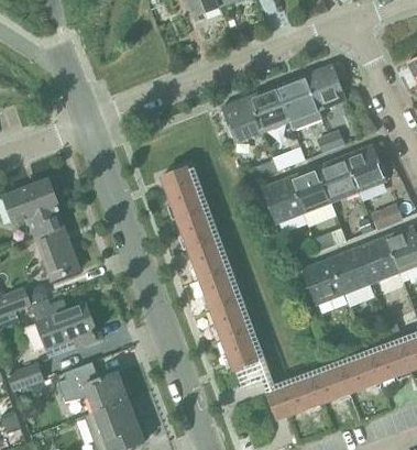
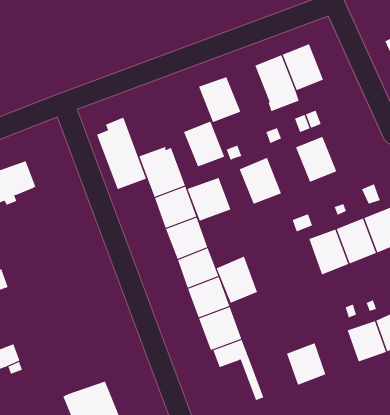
building: [249,86,290,132] -> [183,121,225,167]
building: [344,141,388,191] -> none
building: [289,167,331,213] -> none
building: none -> [187,177,231,221]
building: [29,208,79,281] -> [96,117,147,190]
building: [301,259,343,306] -> [216,256,258,303]
building: [32,300,96,351] -> none
building: [337,350,380,394] -> none
building: [58,363,128,414] -> none
building: [274,373,319,417] -> none

